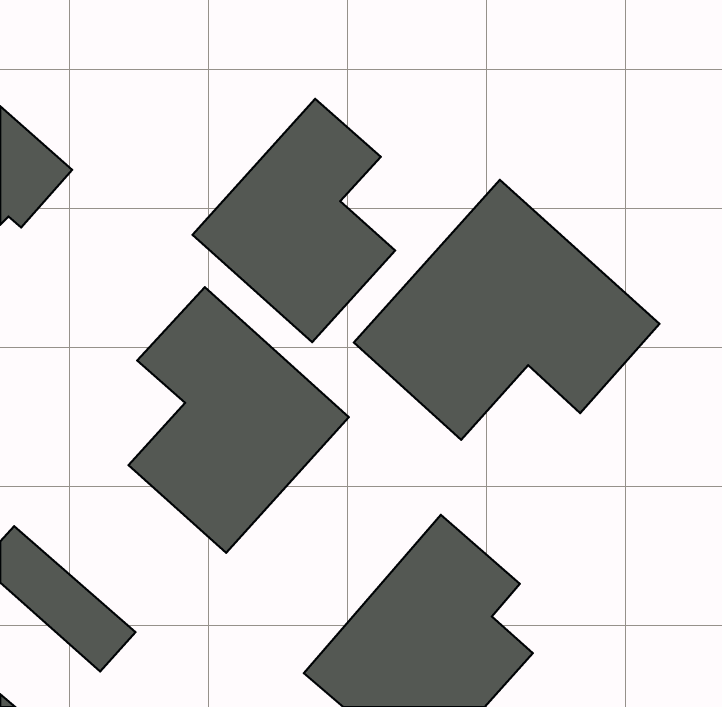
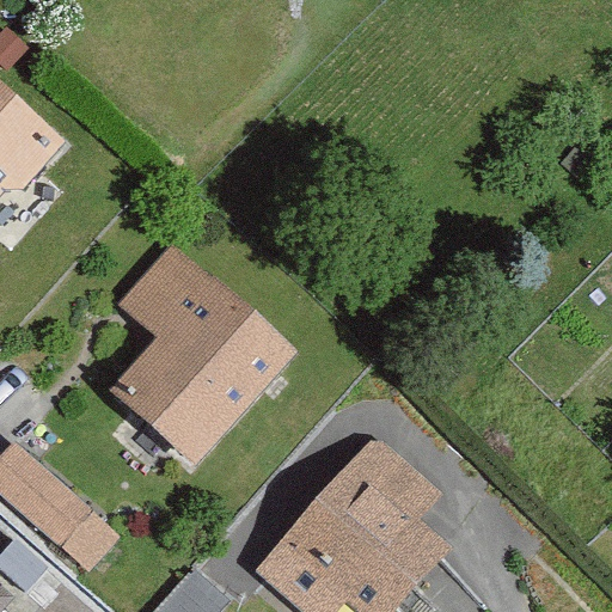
building: [193,99,395,342] -> none
building: [354,180,659,440] -> none

